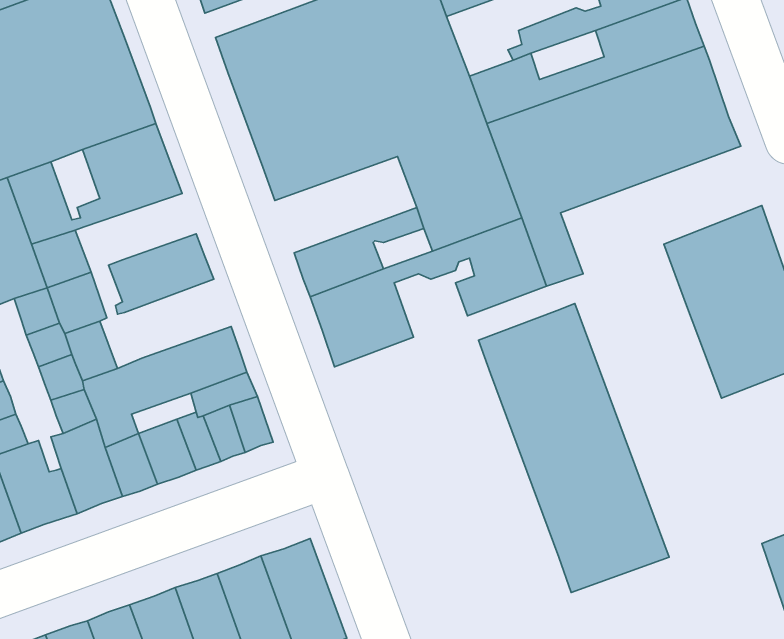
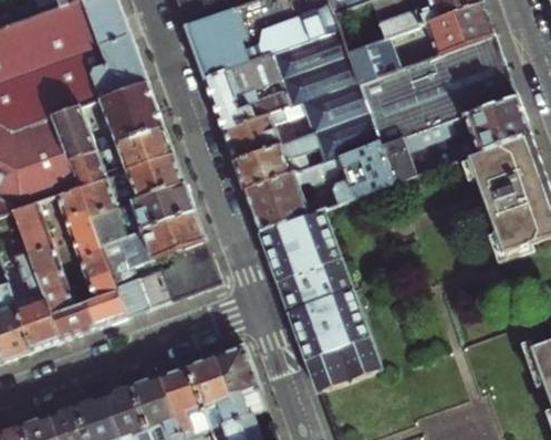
building: none -> [402,96,529,177]
building: none -> [221,103,311,164]
building: none -> [101,126,171,168]
building: none -> [126,180,194,230]
building: [478,303,669,592] -> [259,212,380,395]

